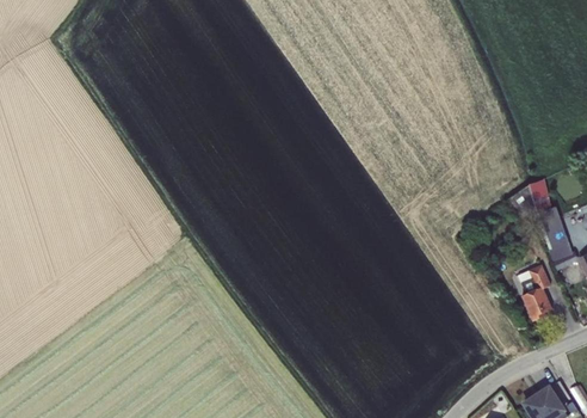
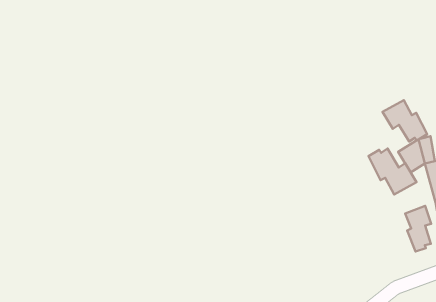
building: none -> [383,100,427,142]
building: none -> [368,149,417,194]

